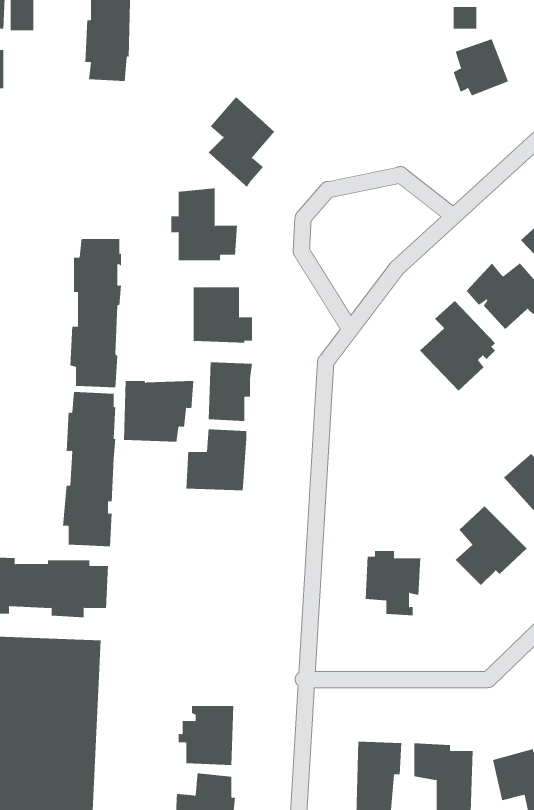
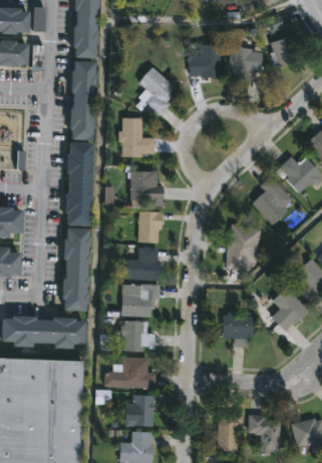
building: none -> [187,42,220,76]
building: none -> [228,47,265,78]
building: none -> [69,62,97,142]
building: [123,380,194,442] -> [122,284,160,317]
building: none -> [228,223,262,269]
building: none -> [121,321,156,351]
building: none -> [104,357,156,390]

